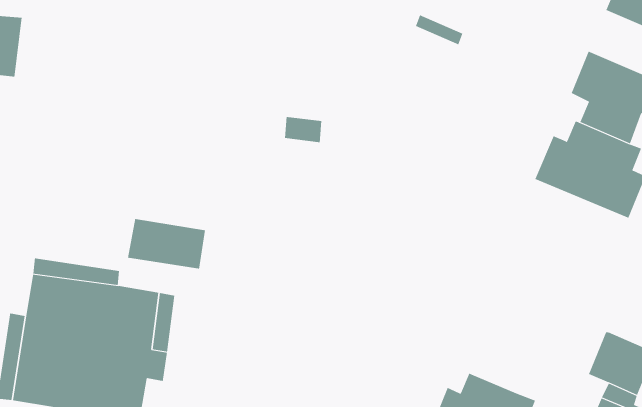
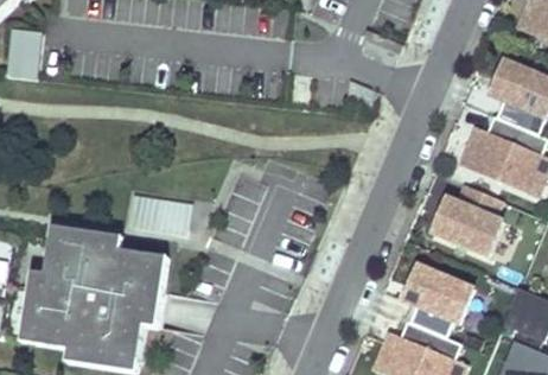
building: none -> [431,183,501,254]
building: none -> [402,263,472,336]

